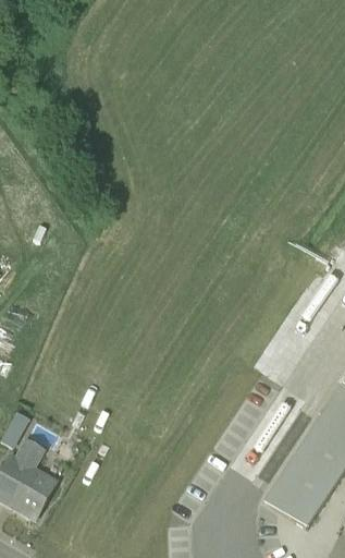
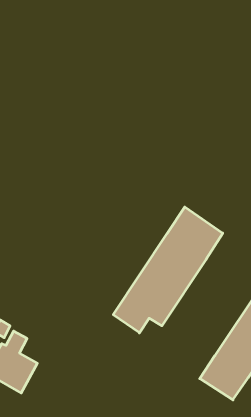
building: none -> [113,207,223,333]

